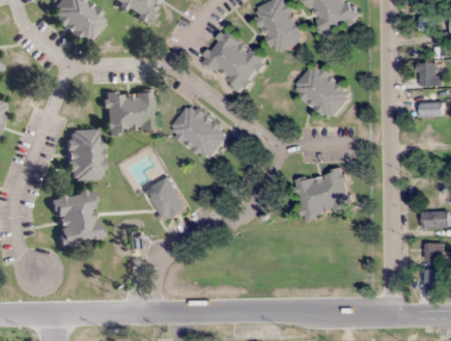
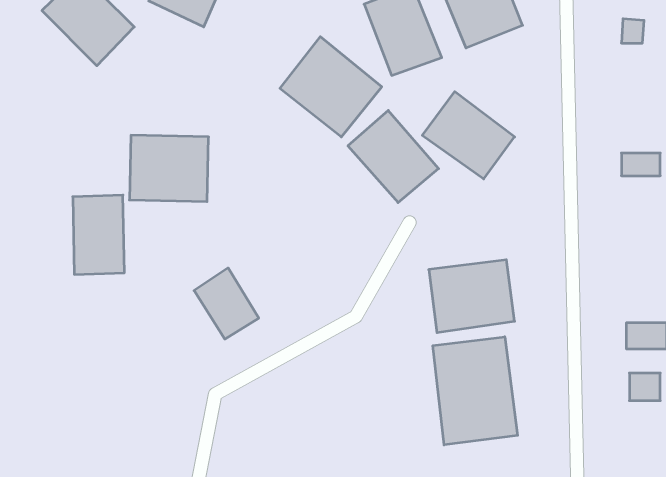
building: [419,62,439,86] -> none
building: [170,102,228,161] -> [348,110,439,203]
building: [51,190,102,247] -> none
building: none -> [433,337,518,445]

